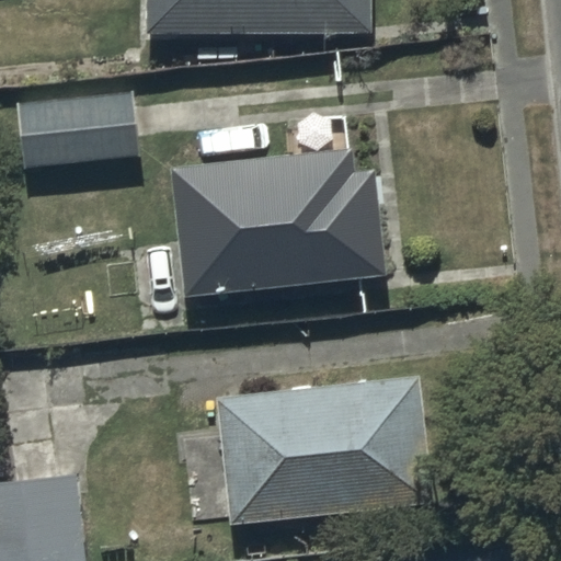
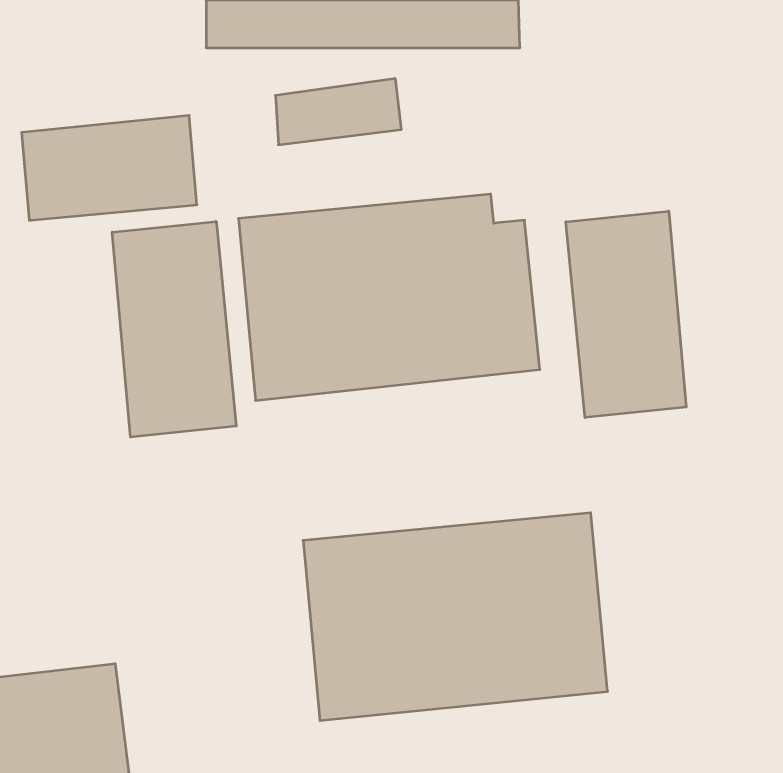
building: none -> [566,211,686,418]
building: none -> [112,221,236,437]

